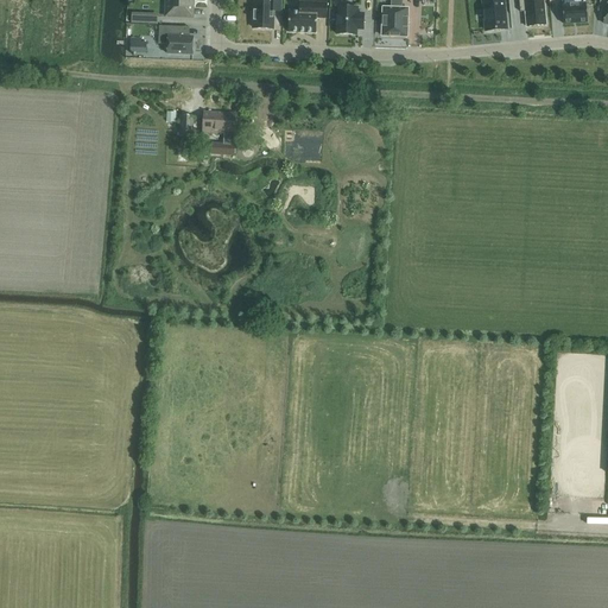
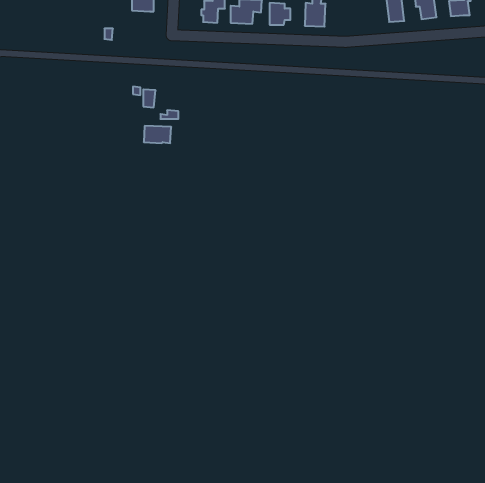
building: [158,23,194,51] -> none
building: [202,109,236,131] -> [144,126,171,143]

